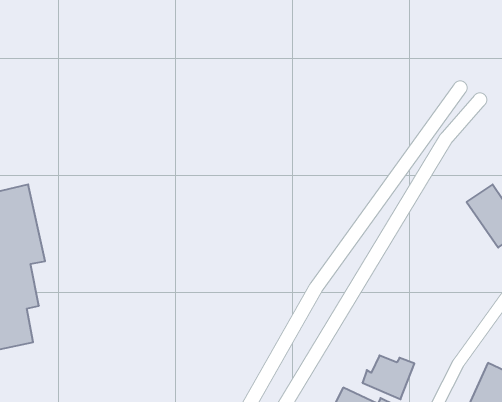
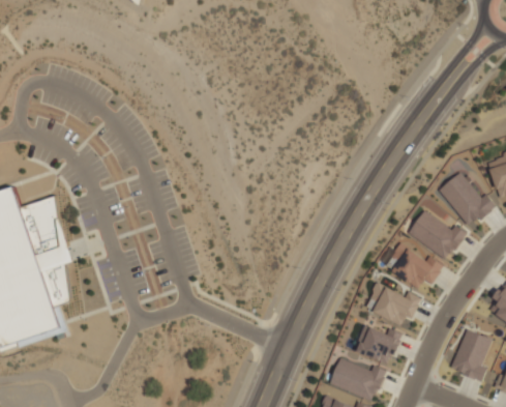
building: none -> [408,210,466,260]
building: none -> [385,243,443,288]
building: none -> [364,282,420,324]

